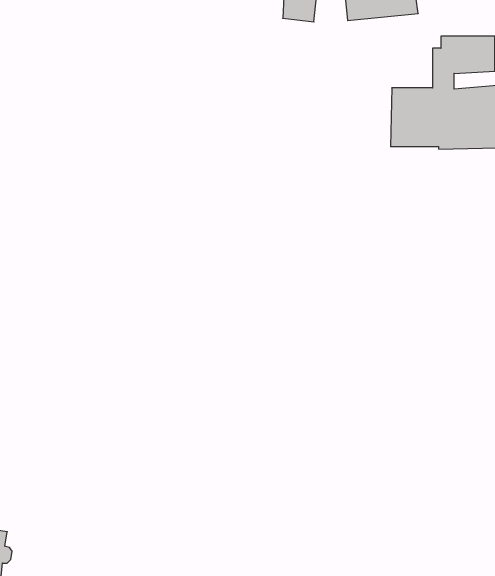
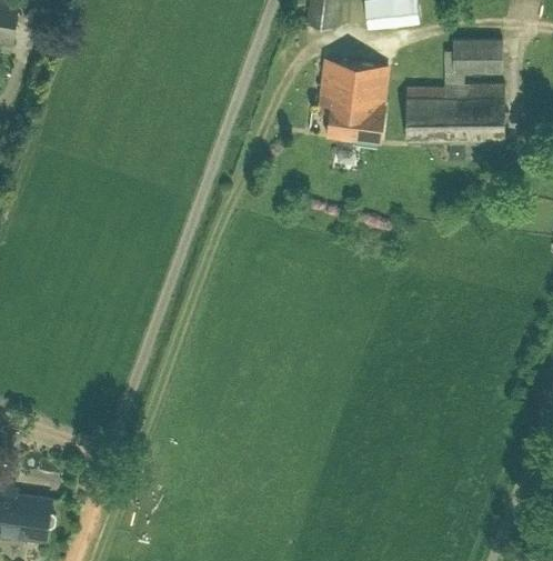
building: none -> [319,60,388,141]

